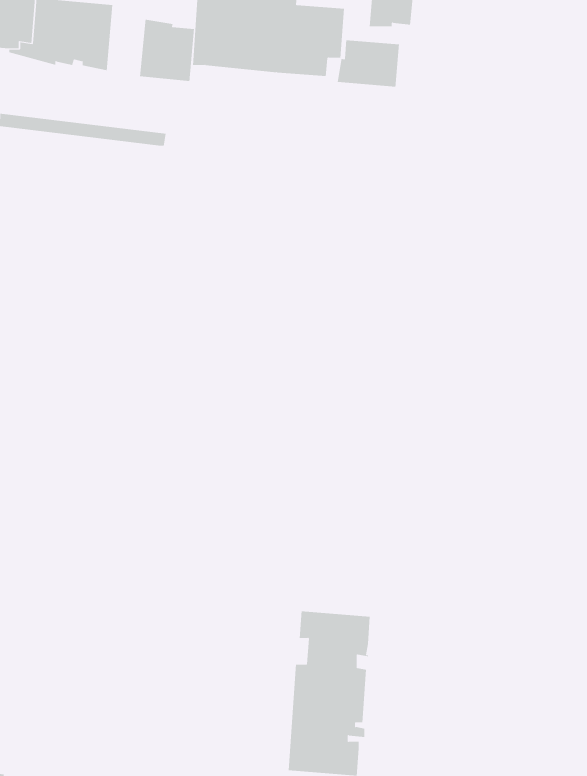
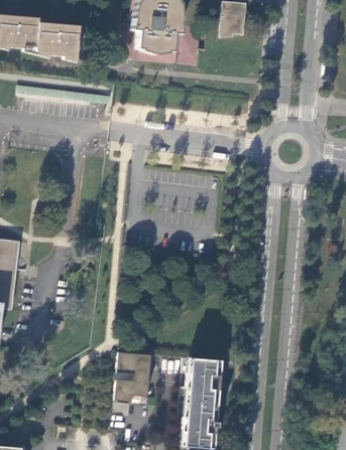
building: [140,19,195,82] -> none
building: [337,40,399,88] -> none
building: none -> [114,351,150,403]

